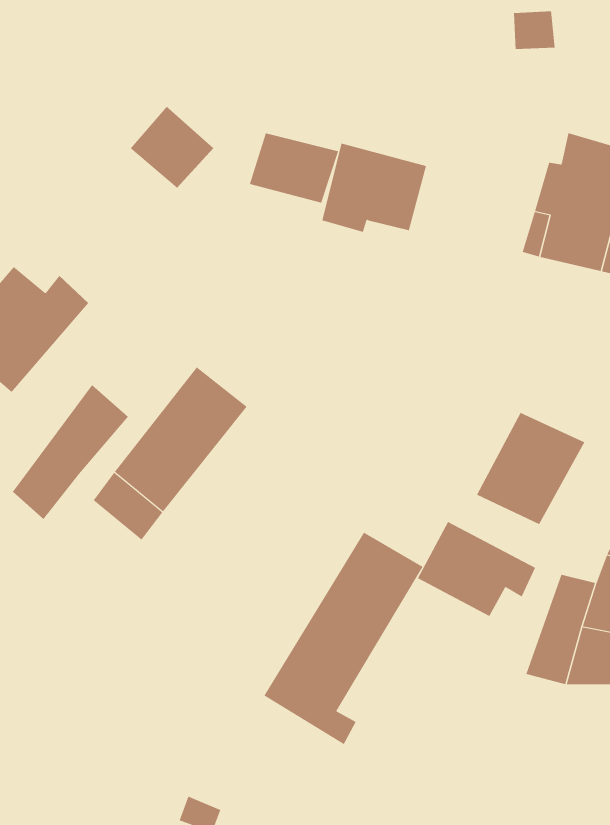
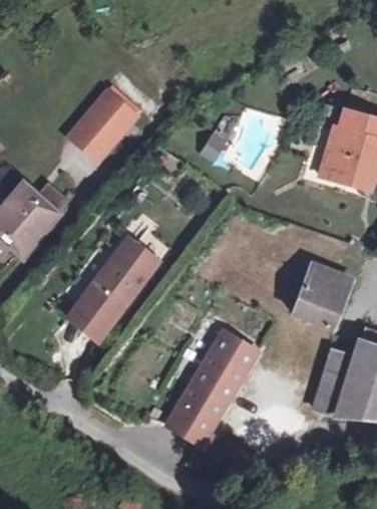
building: [249,133,339,204] -> none
building: none -> [74,113,118,157]
building: [12,384,129,520] -> none
building: [417,521,536,617] -> none

